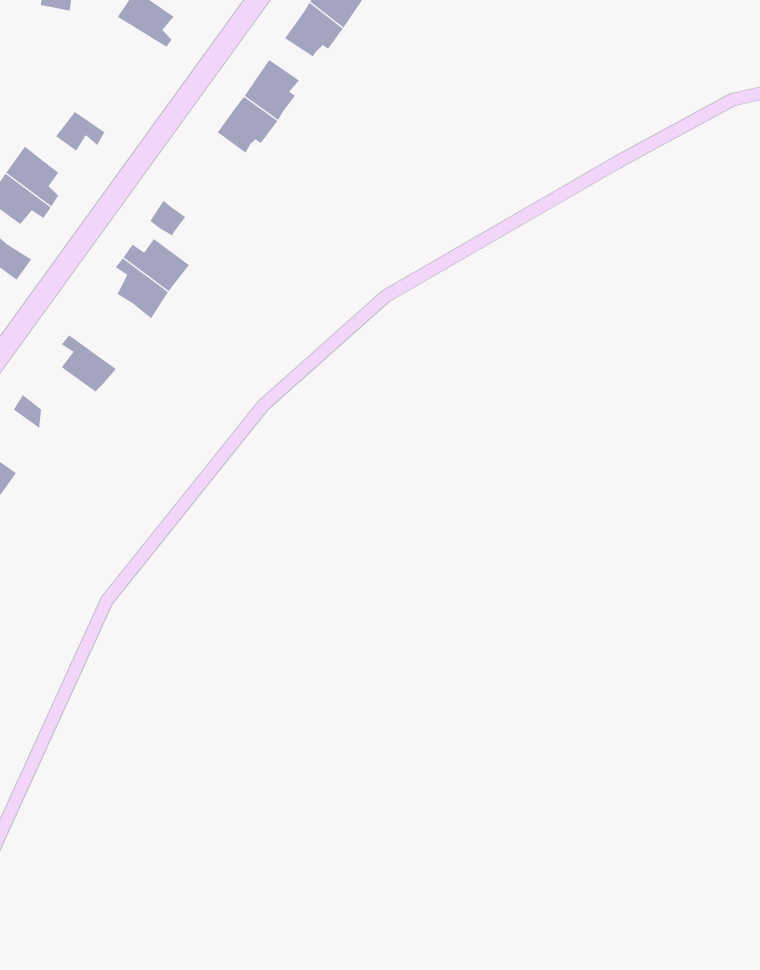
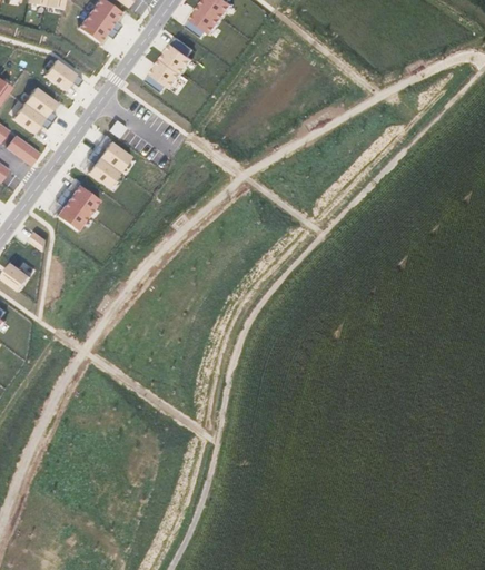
building: none -> [79,11,118,41]
building: none -> [61,184,99,215]

